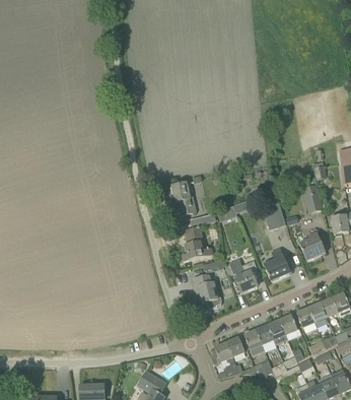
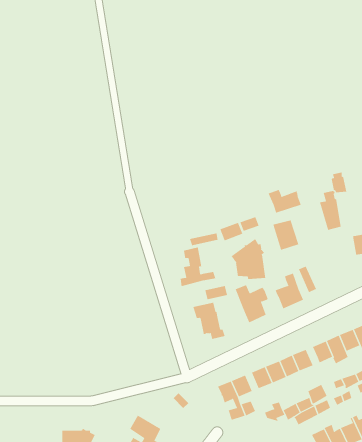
building: none -> [268,189,302,213]
building: [171,181,196,213] -> none
building: none -> [231,238,266,280]
building: [299,230,323,259] -> none

